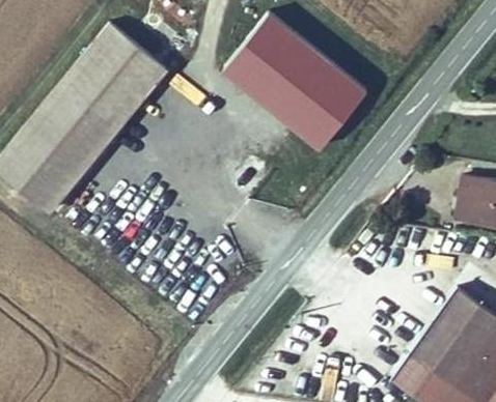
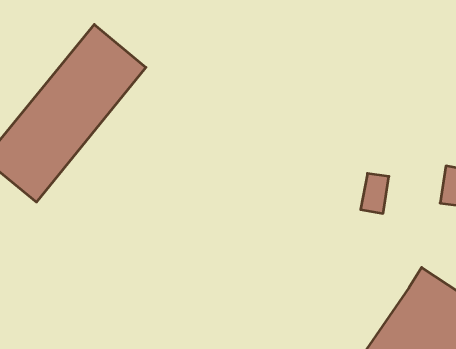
building: [226,15,370,150] -> none
building: [450,176,480,219] -> [361,173,389,213]

